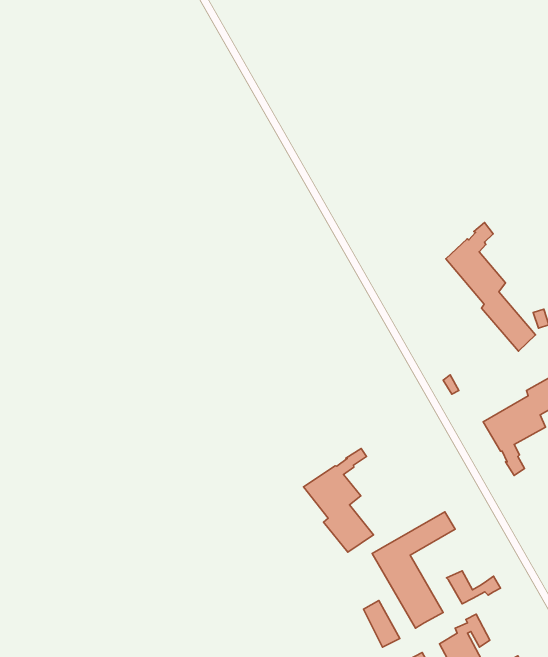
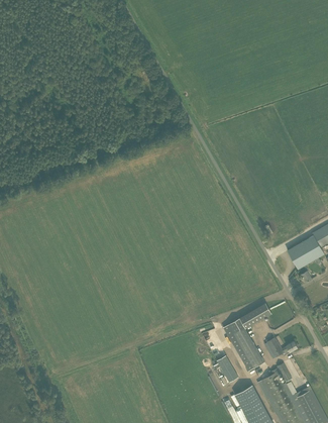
building: [446,223,536,351] -> none
building: [303,449,374,552] -> none

